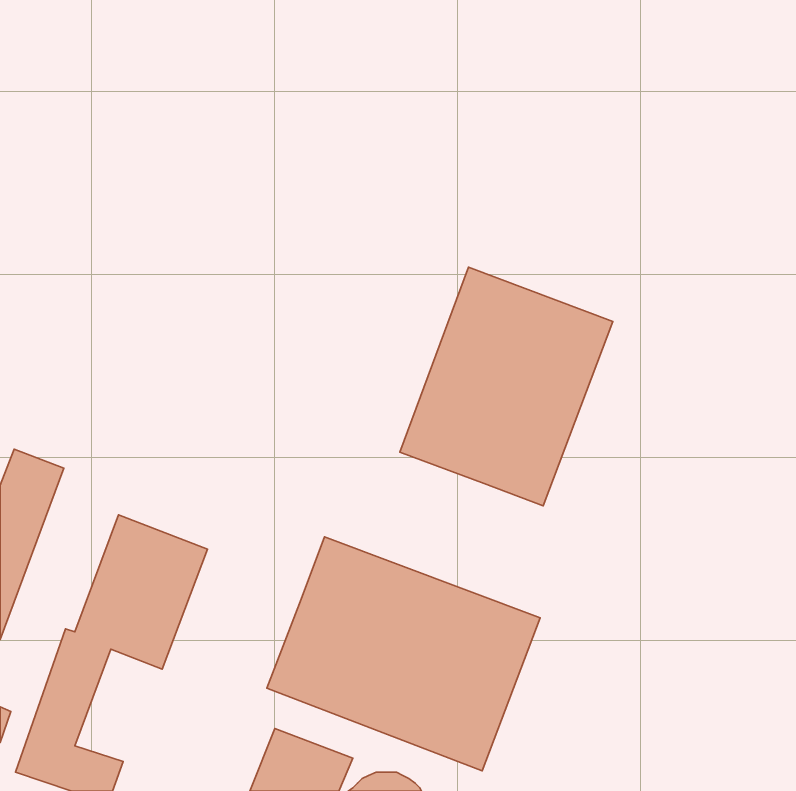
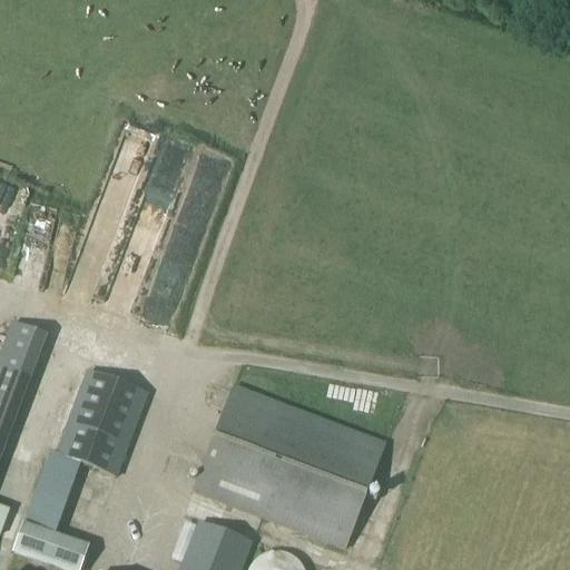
building: [400,267,613,506] -> none

